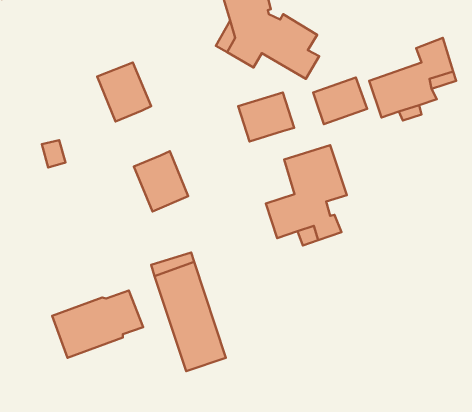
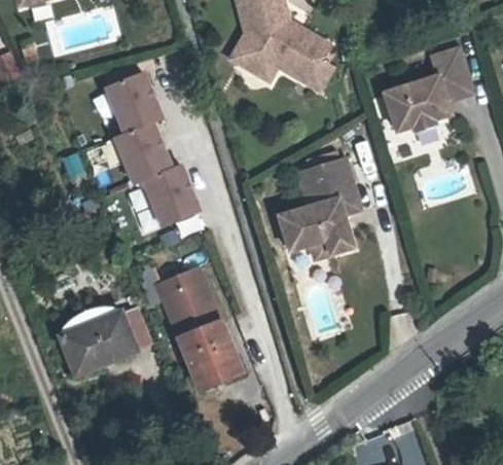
building: [313,78,367,124] -> none
building: [238,92,294,142] -> none
building: none -> [117,122,172,183]

